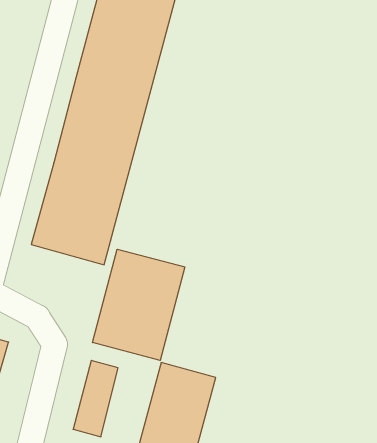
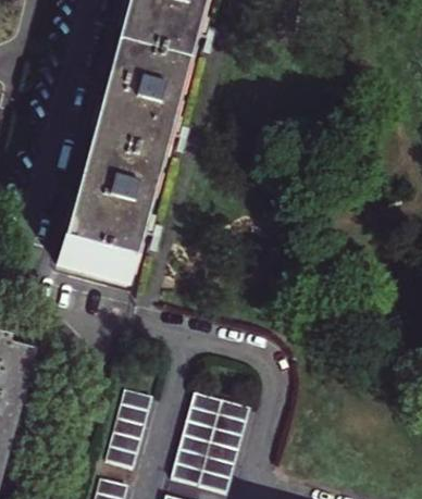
building: [93,249,185,360] -> none

